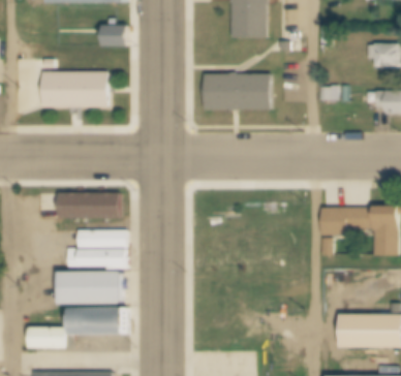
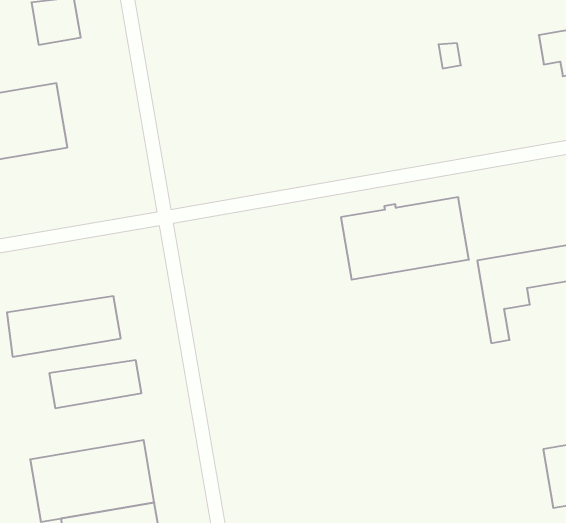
building: [205,71,271,108] -> [341,197,469,280]
building: [67,248,125,268] -> none

